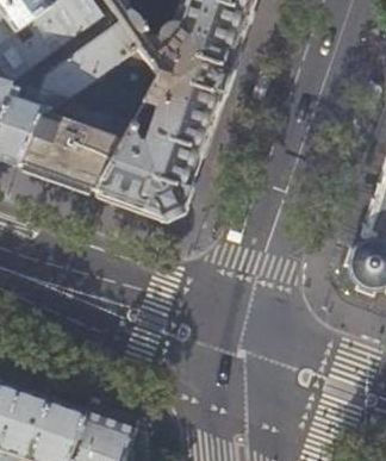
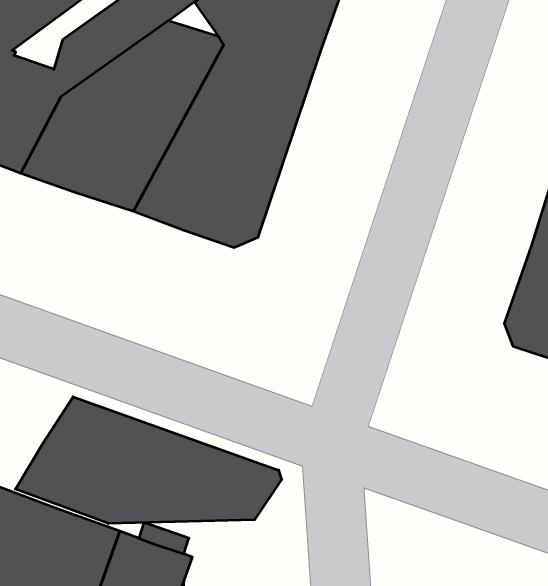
building: none -> [15,397,282,524]

